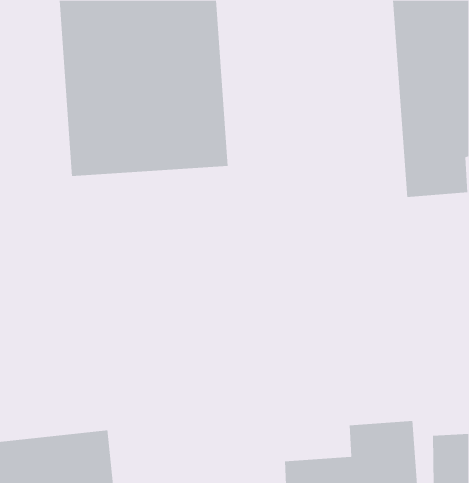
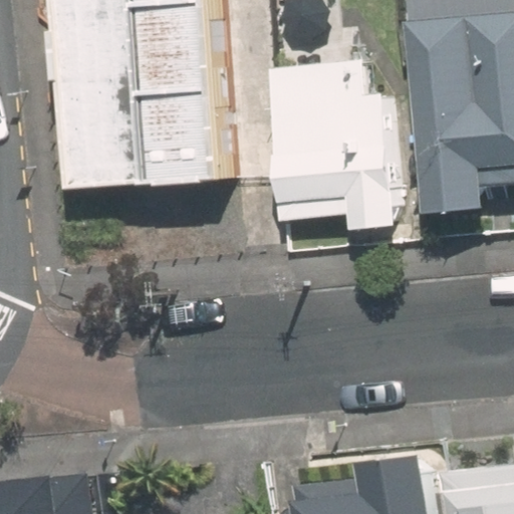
building: none -> [266,61,406,228]

